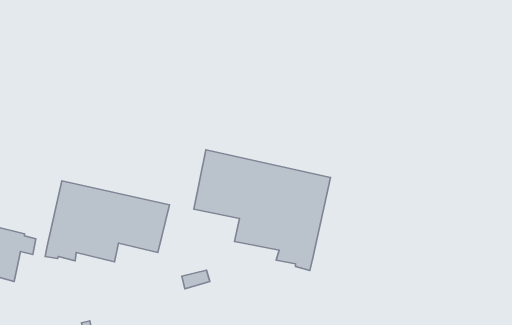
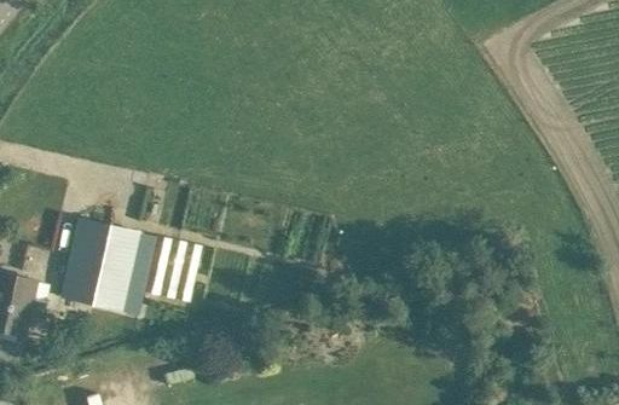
building: [194,150,330,271] -> none

